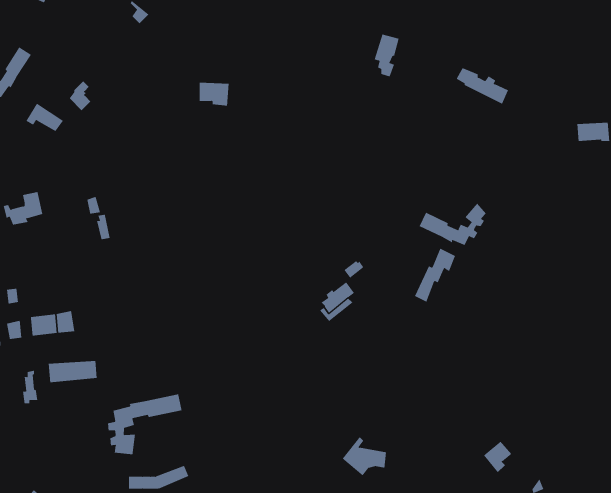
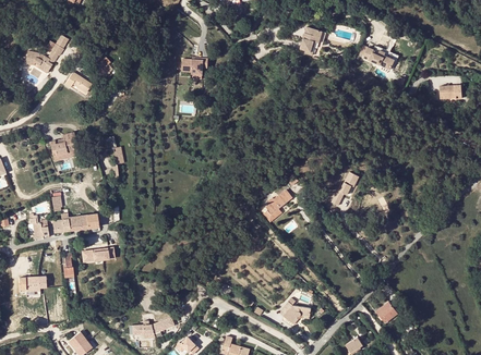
building: [419,203,487,246] -> none
building: [107,393,182,455] -> none

